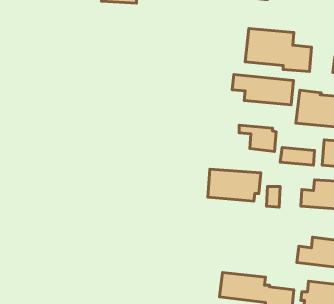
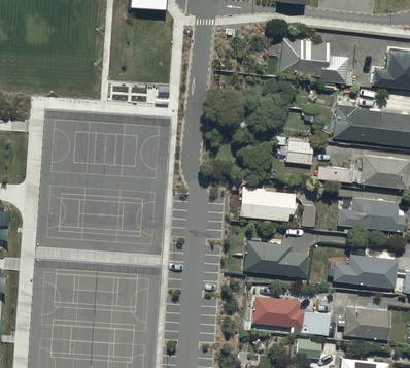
building: [232,74,294,105] -> none
building: none -> [245,244,309,282]

